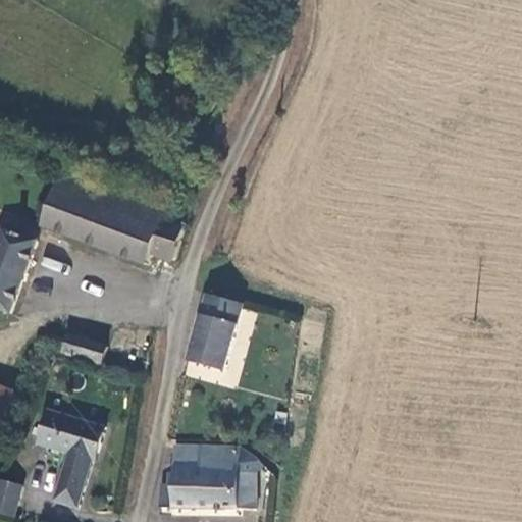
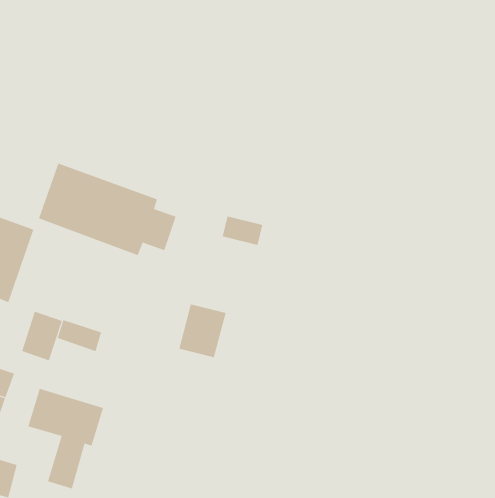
building: [198,295,241,325] -> [222,216,263,245]
building: none -> [21,311,62,361]
building: [156,443,254,508] -> none

